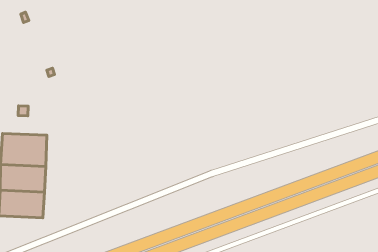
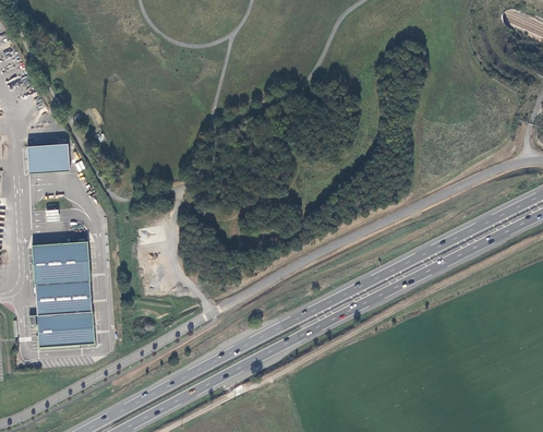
building: none -> [28,142,71,172]

